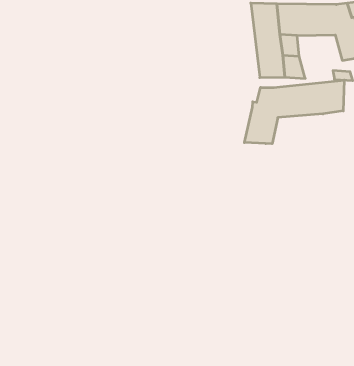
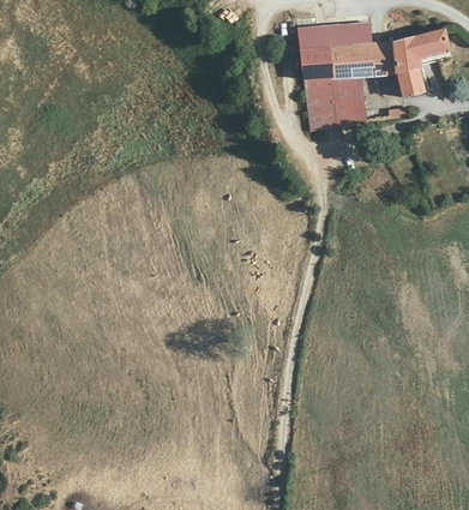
building: [244,80,344,144] -> none

